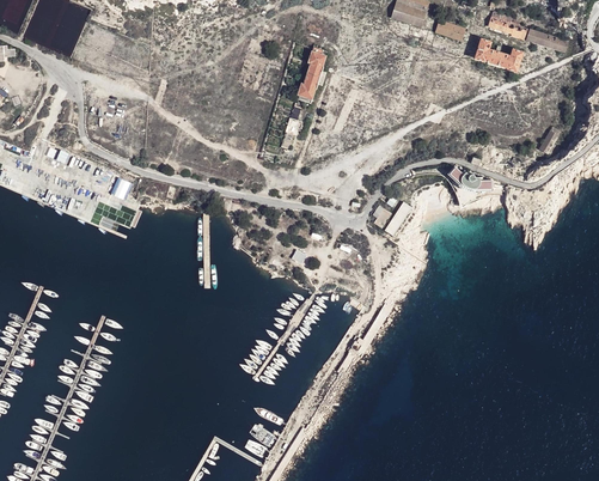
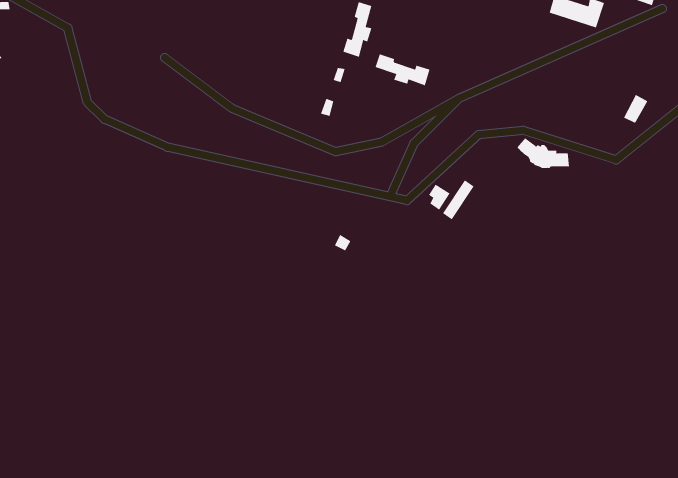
building: none -> [375,53,430,86]

